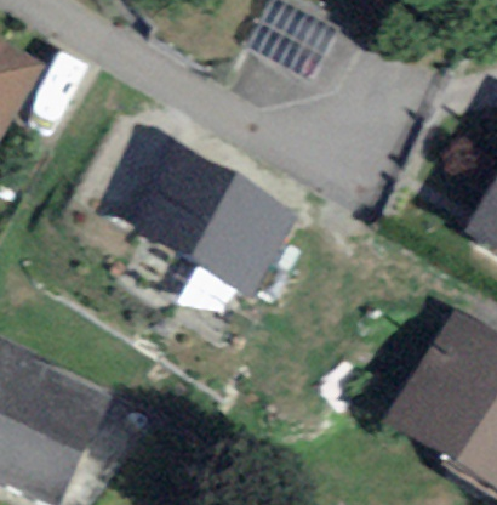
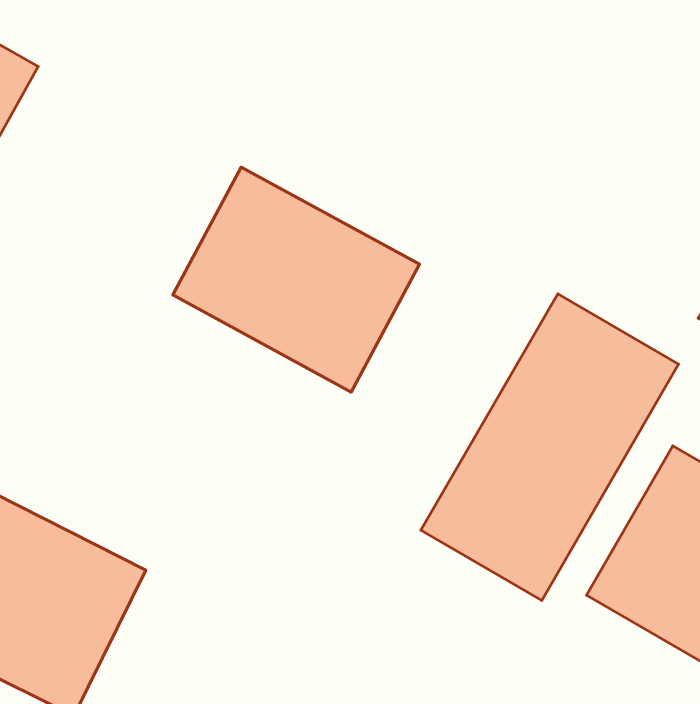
building: none -> [421,294,679,600]

